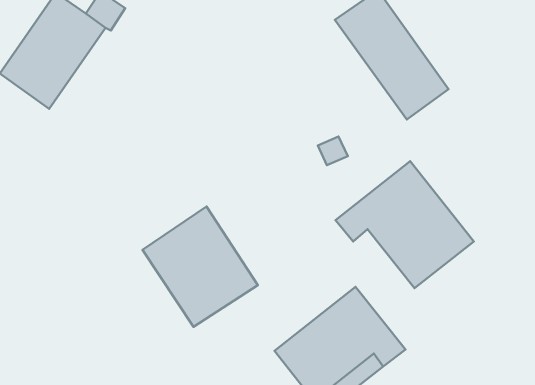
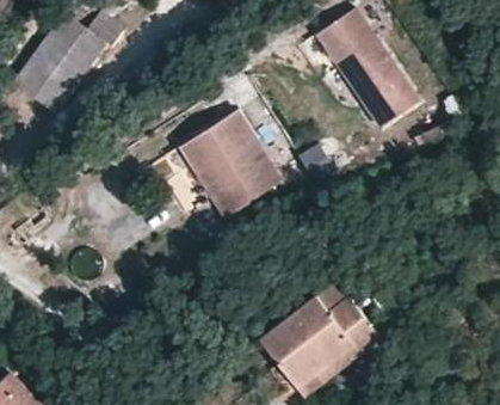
building: [336,161,474,288] -> none
building: [142,207,258,327] -> [178,109,283,219]

